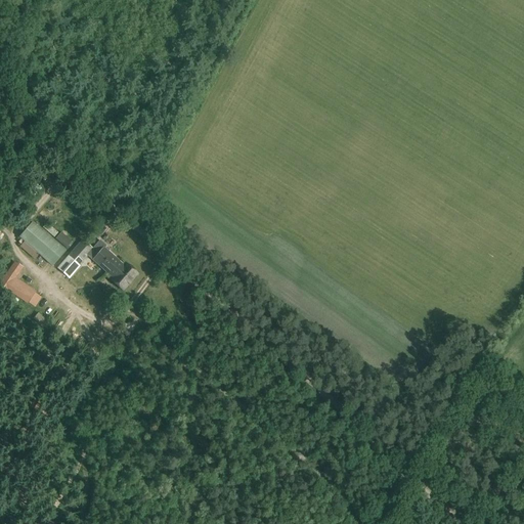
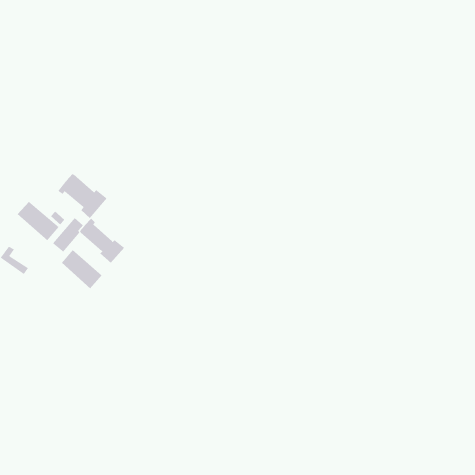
building: none -> [58,174,107,219]
building: none -> [61,249,102,289]

